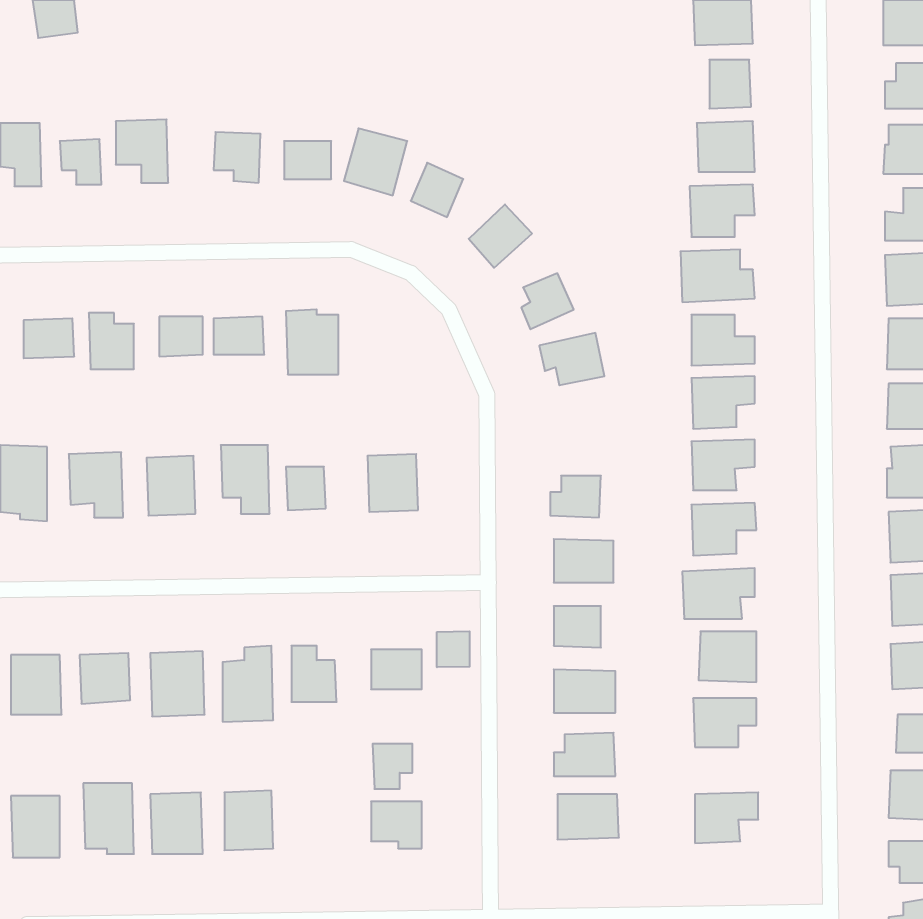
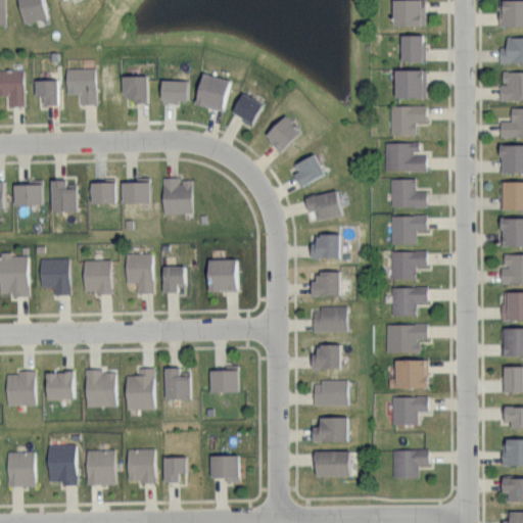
building: none -> [313,234,340,258]
building: [437,631,470,667] -> none
building: [373,744,412,789] -> [163,458,186,483]

